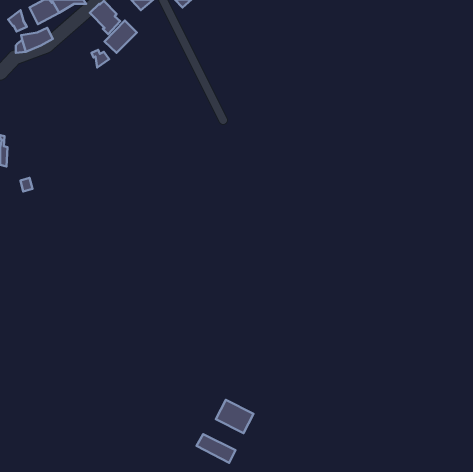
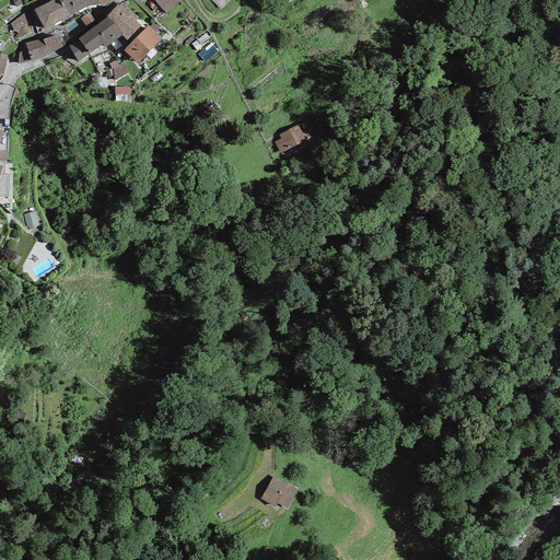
building: none -> [69,16,124,61]
building: none -> [275,124,305,152]
building: [196,434,236,463] -> none

